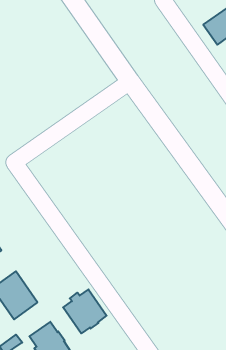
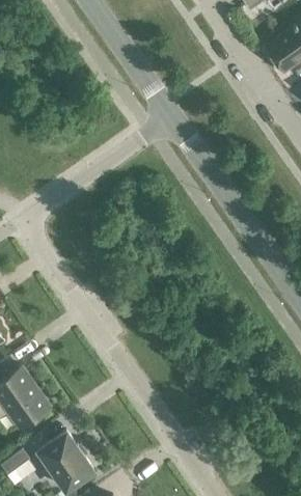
building: [63,289,107,333] -> none

